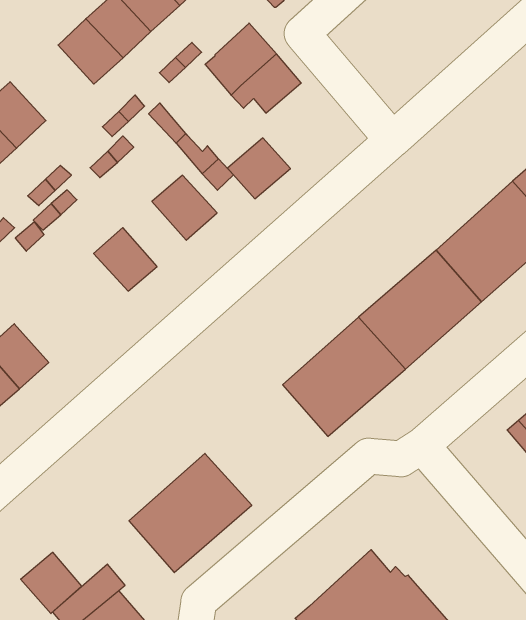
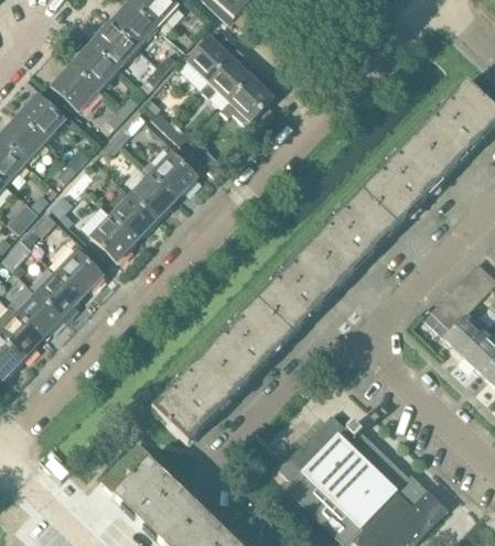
building: none -> [51,63,99,111]
building: [227,138,290,199] -> [227,76,273,121]
building: none -> [129,172,176,219]
building: none -> [89,214,137,261]
building: none -> [55,249,103,296]
building: none -> [203,298,292,389]
building: [21,552,81,614] -> none

